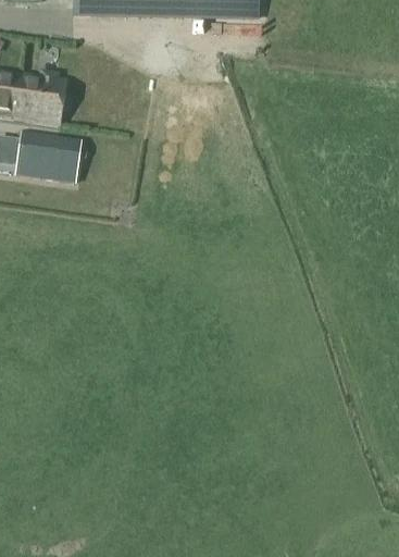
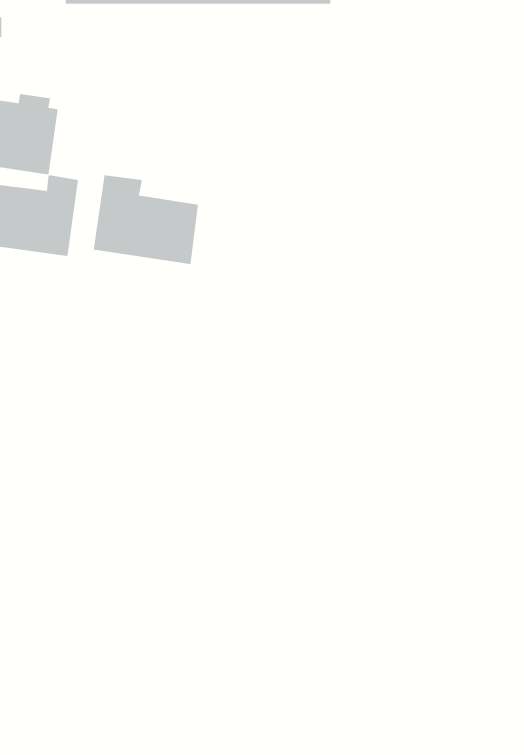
building: none -> [93,174,199,265]

